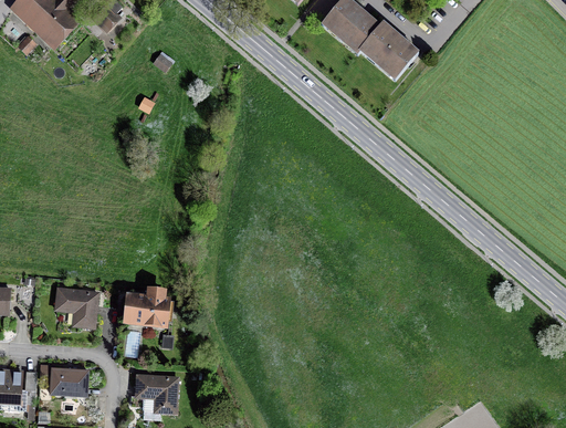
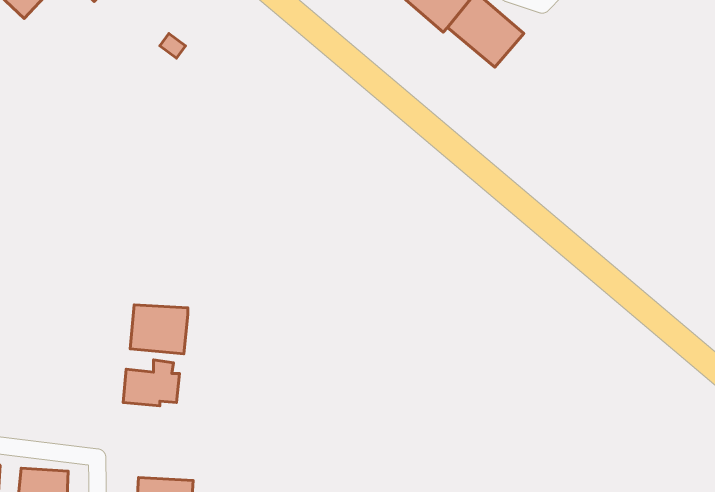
building: none -> [130,305,188,354]
building: [55,289,97,327] -> none

